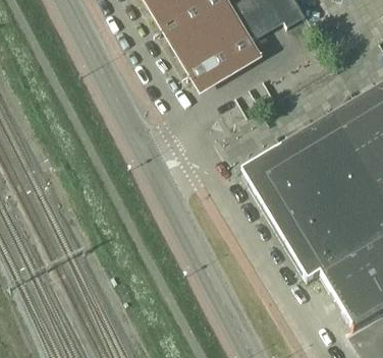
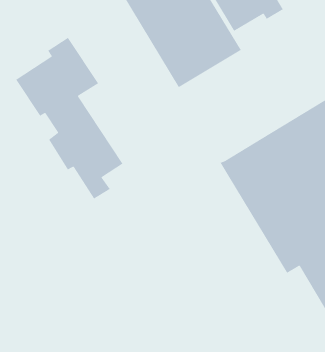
building: none -> [15,37,124,200]

